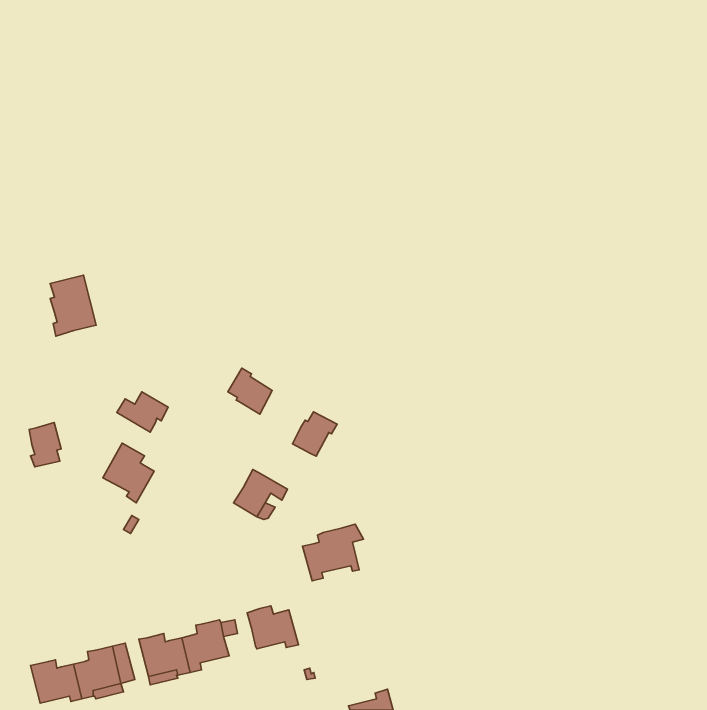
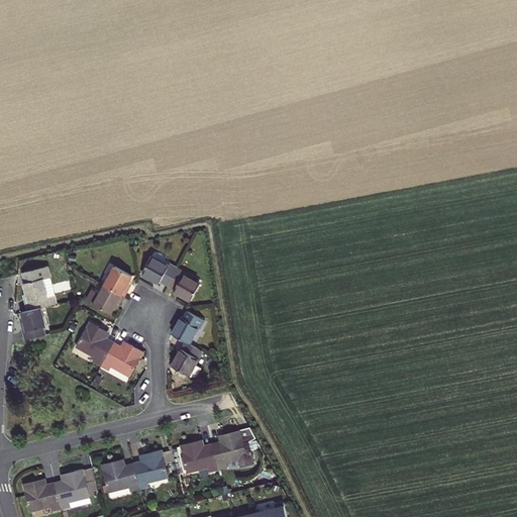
building: [50,275,96,336] -> [22,267,56,311]
building: none -> [140,256,176,285]
building: none -> [103,267,130,296]
building: [293,412,337,456] -> [171,311,203,343]
building: none -> [99,342,141,376]
building: [302,524,363,581] -> [210,427,254,469]

